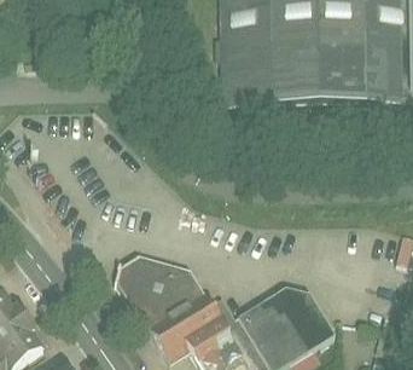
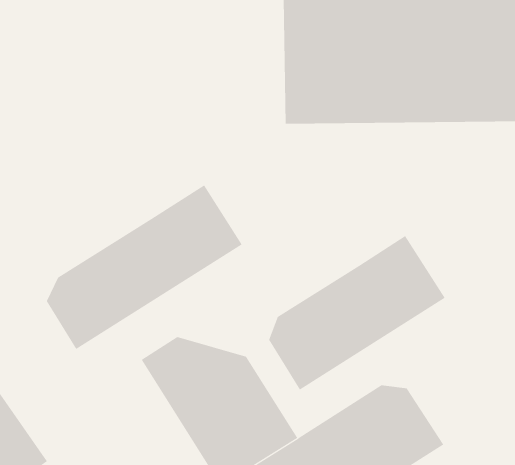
building: none -> [46,184,243,350]
building: none -> [268,235,445,390]

